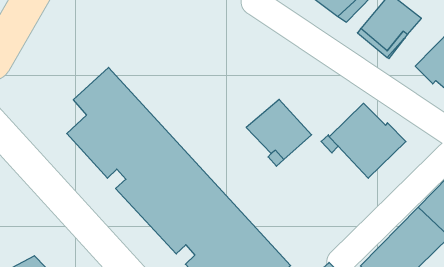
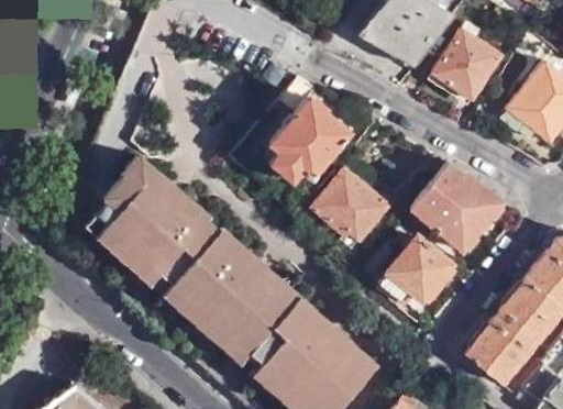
building: none -> [265,79,344,181]
building: none -> [380,237,451,301]

